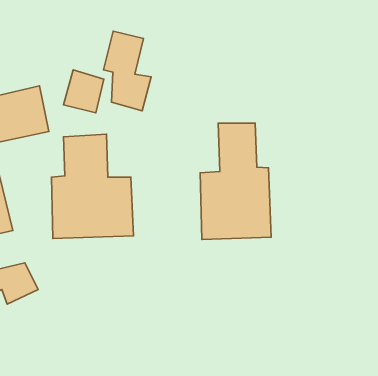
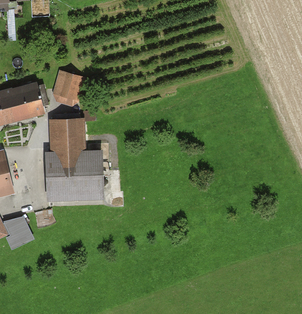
building: [104,31,151,111] -> none
building: [200,123,271,240] -> none

